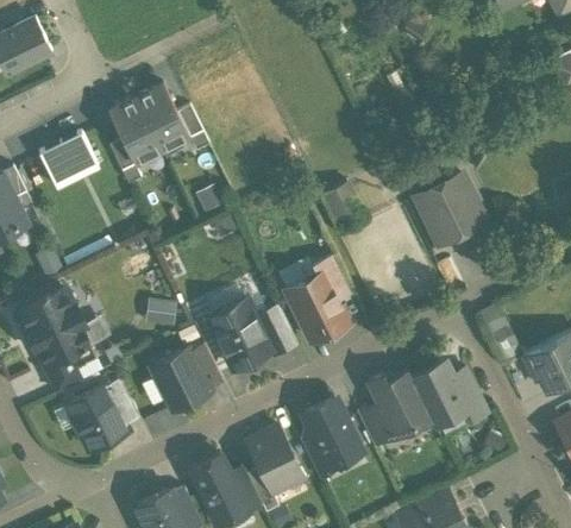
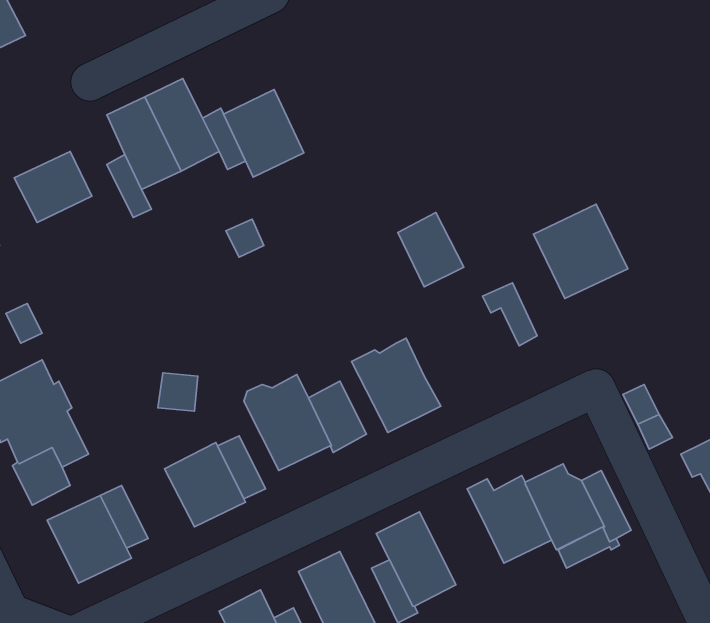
building: none -> [224,90,304,177]
building: [310,253,350,298] -> [483,283,537,346]
building: [357,401,394,444] -> none

